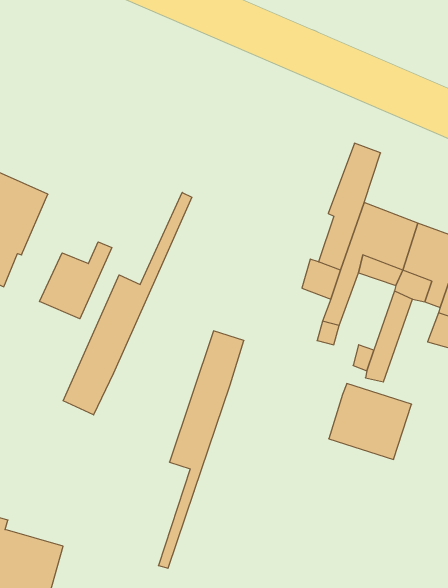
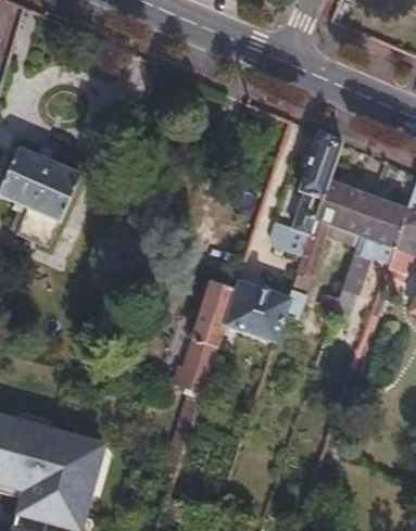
building: [63,192,192,415] -> none
building: [40,242,112,319] -> none
building: [329,384,412,459] -> [224,279,289,339]

